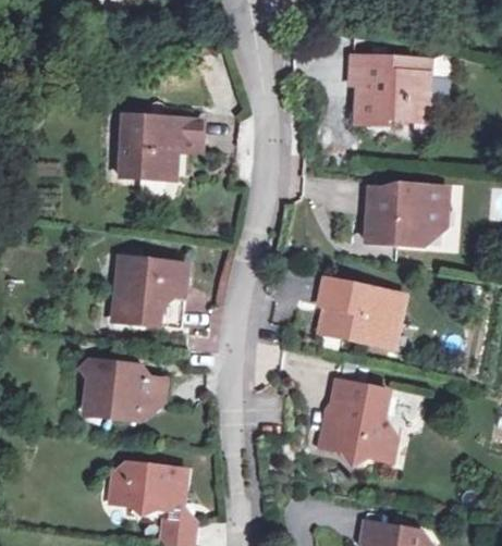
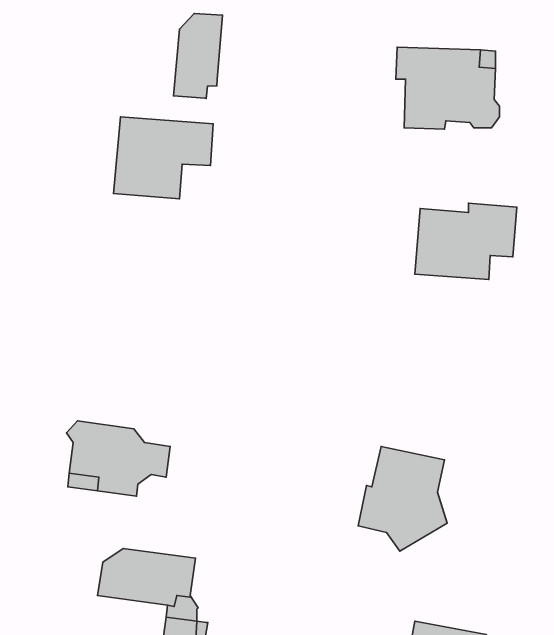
building: none -> [174,14,223,99]
building: [112,258,188,327] -> none
building: [318,277,403,348] -> none

